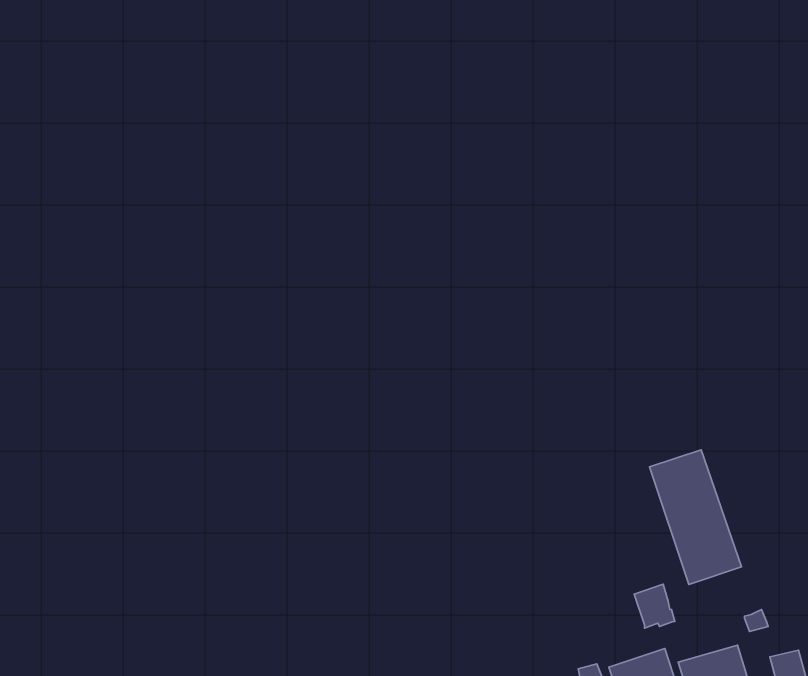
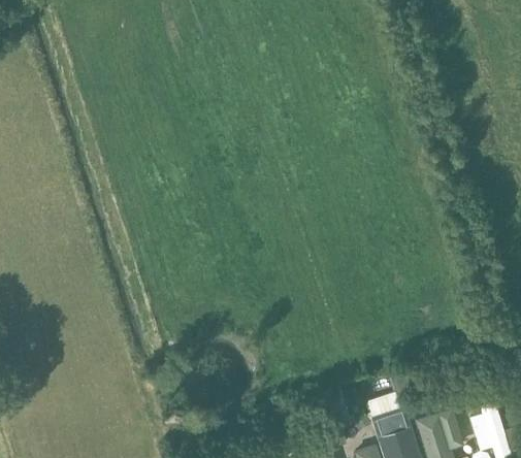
building: [650,450,742,585] -> none

